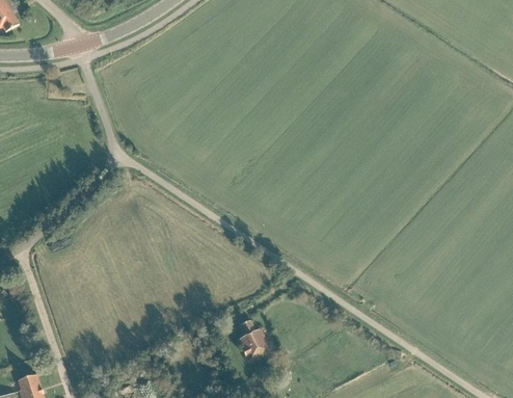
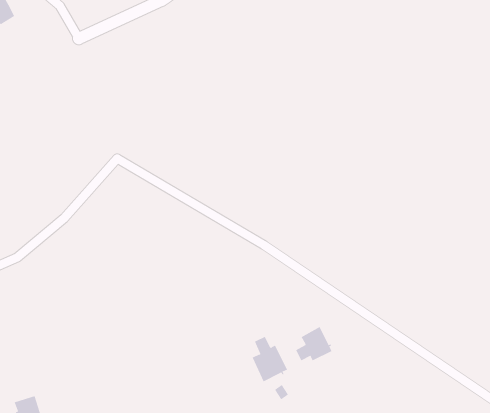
building: none -> [296,326,332,361]

